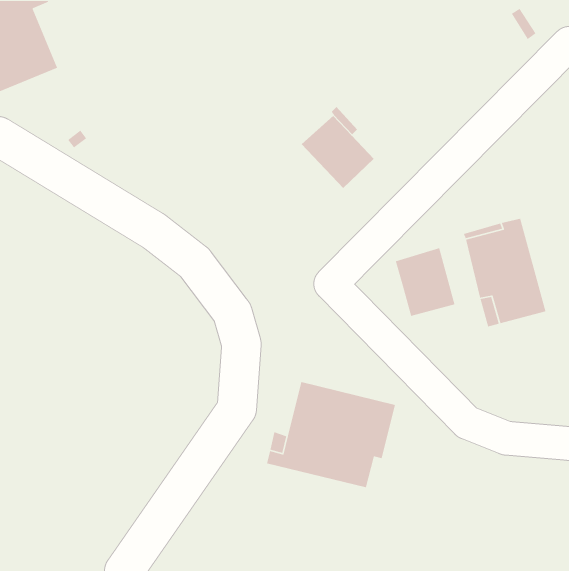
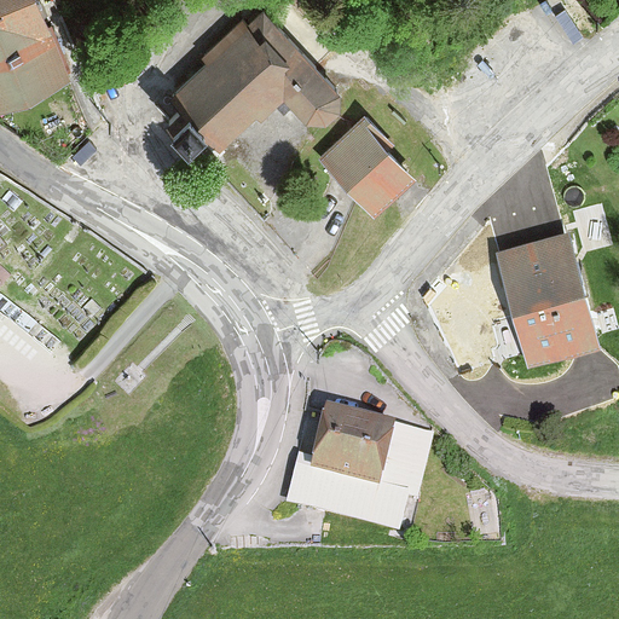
building: none -> [167,10,336,146]
building: [395,247,456,317] -> none

